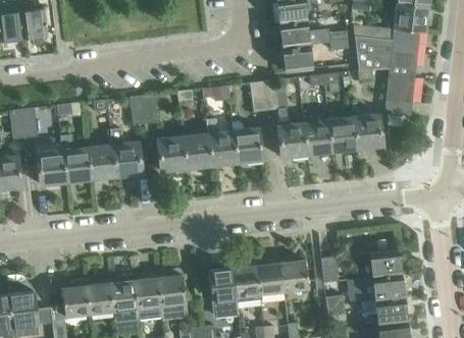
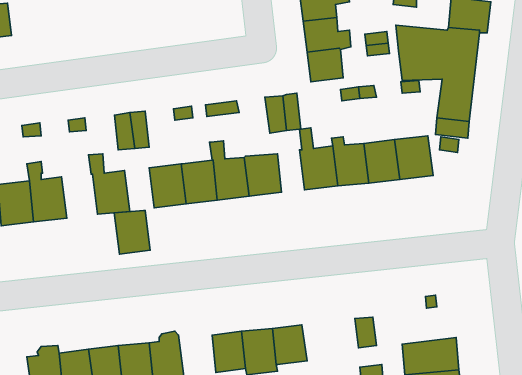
building: [89,145,117,179] -> [114,210,150,254]
building: [356,250,402,279] -> none
building: [279,261,308,292] -> none

